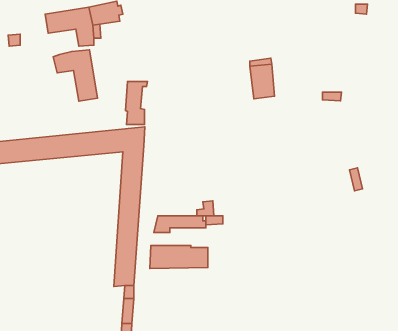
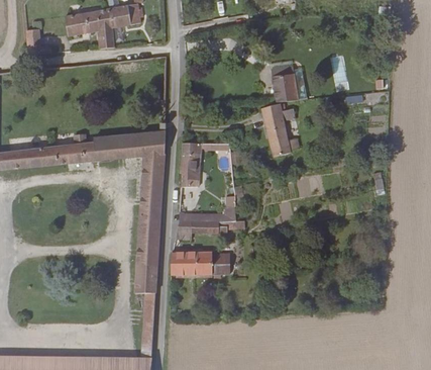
building: [53,50,97,101] -> none
building: [126,82,147,124] -> [180,143,202,186]
building: none -> [259,103,294,157]

